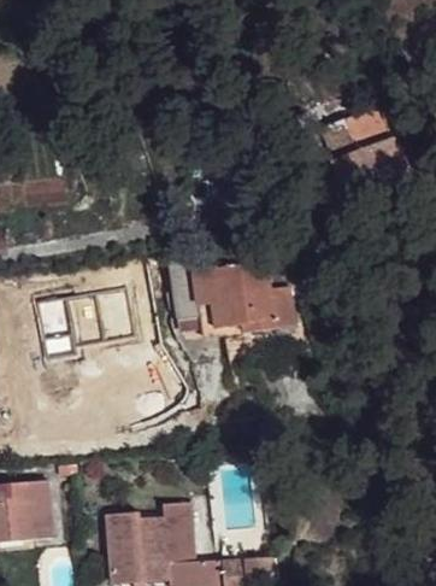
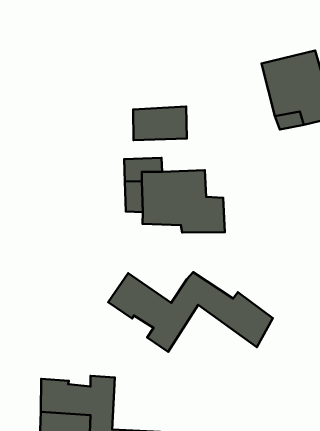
building: none -> [133,106,187,140]
building: none -> [108,272,273,352]

